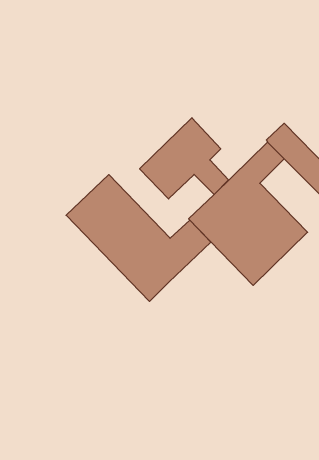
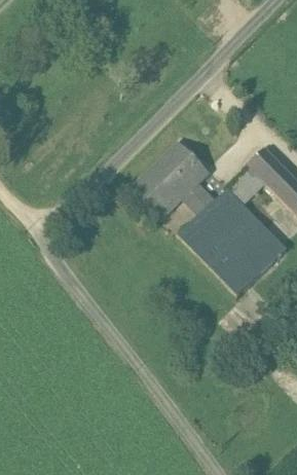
building: [66,175,211,301] -> none

